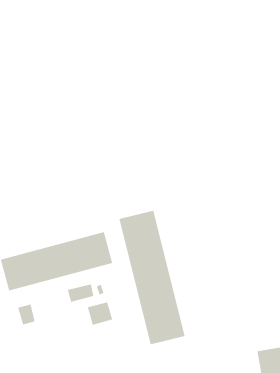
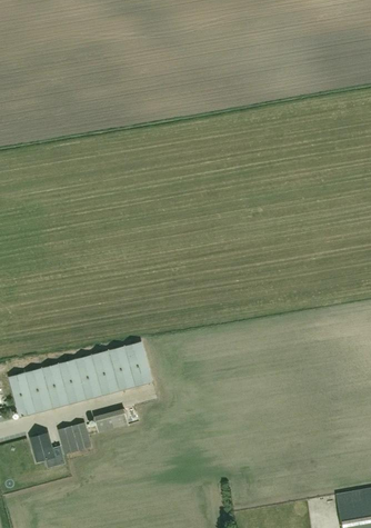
building: [119,210,185,345] -> none
building: [87,301,113,326] -> [58,424,91,455]

